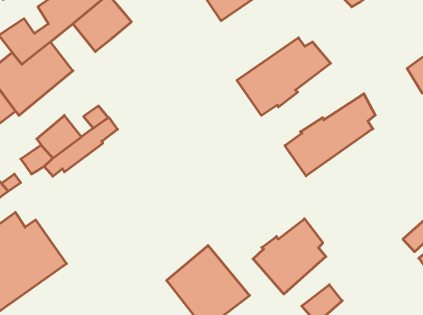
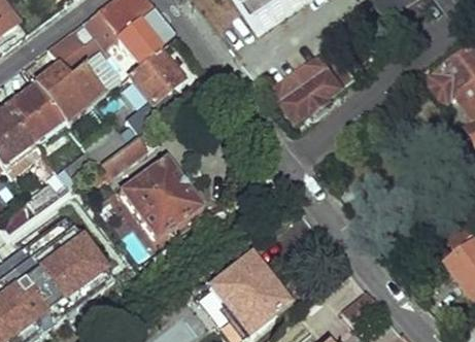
building: none -> [126,48,178,101]
building: [285,94,375,176] -> none
building: none -> [116,155,200,240]
building: [253,219,326,294] -> none

